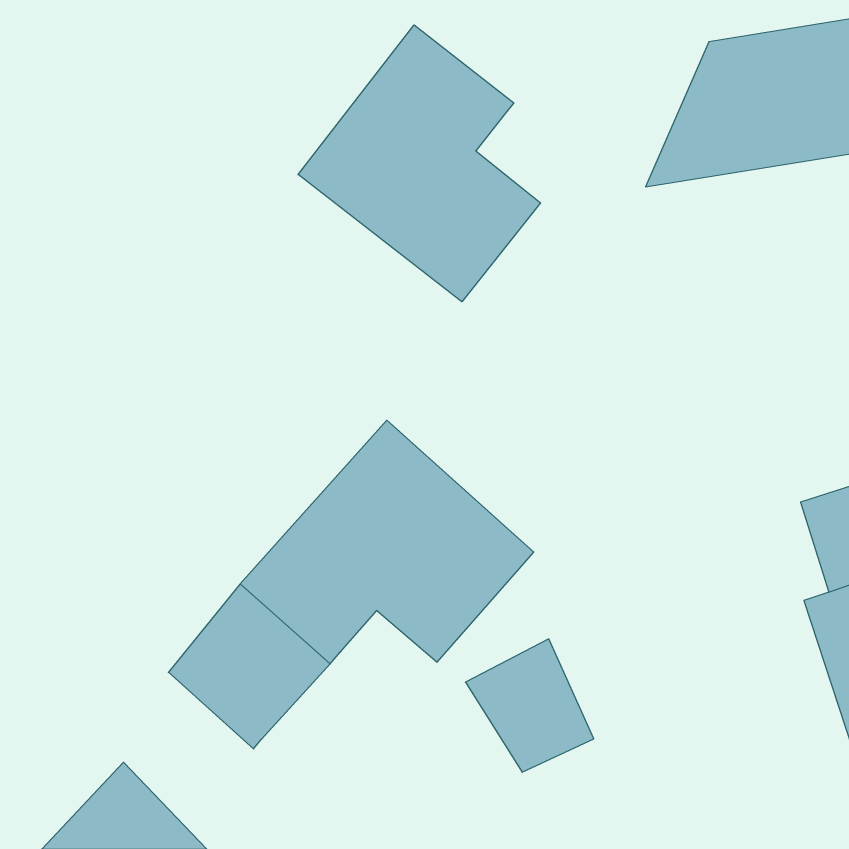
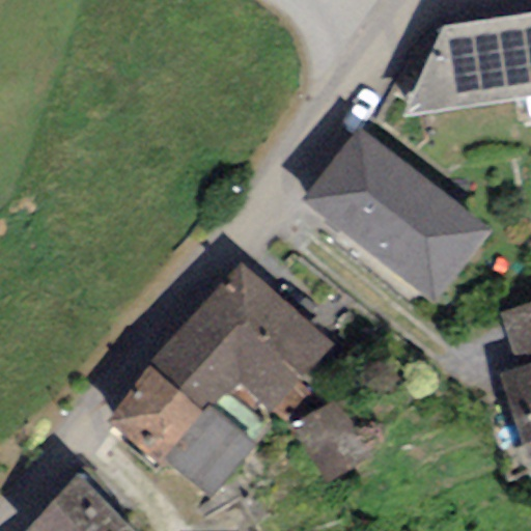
building: [298,25,541,302] -> none
building: none -> [304,128,496,306]
building: none -> [165,406,257,498]

